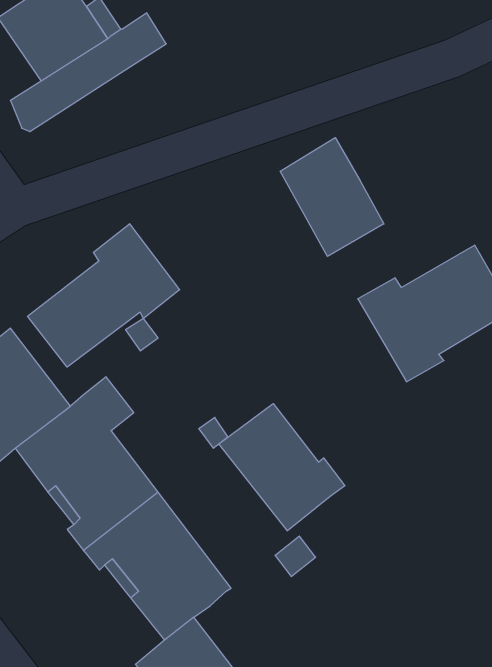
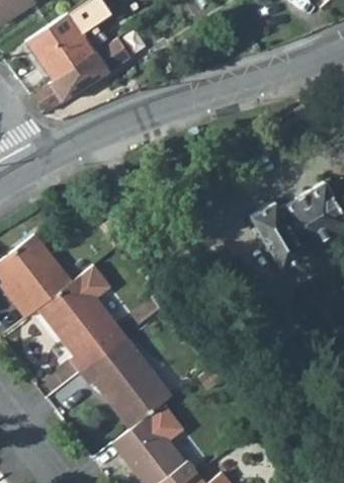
building: [280,138,384,256] -> none
building: [28,224,180,367] -> none
building: [219,404,345,531] -> none

